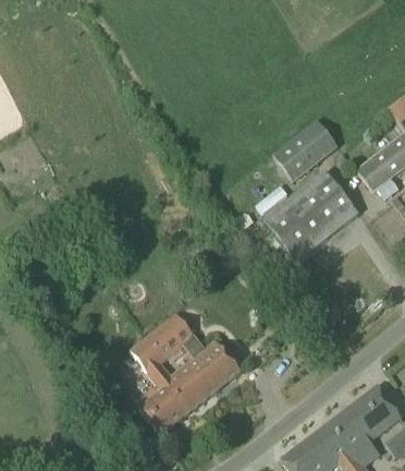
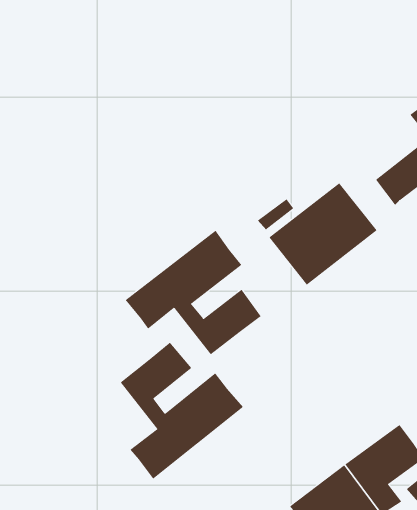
building: [273,119,338,179] -> none
building: none -> [125,230,261,355]

